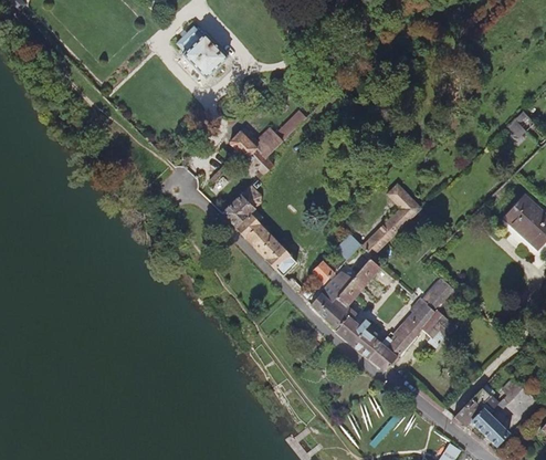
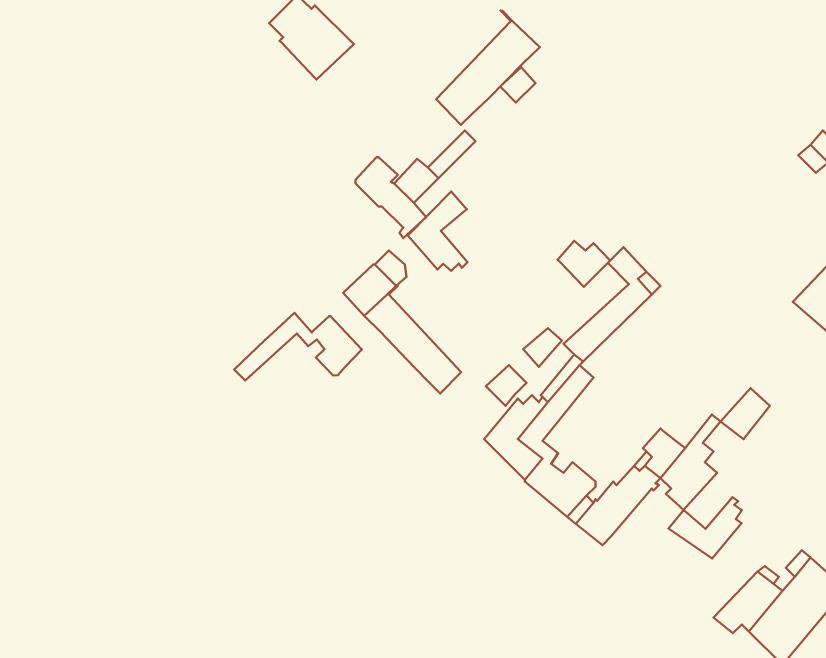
building: none -> [436,11,540,125]
building: none -> [408,191,468,271]
building: none -> [558,241,610,287]
building: none -> [234,313,362,381]
building: [422,278,453,310] -> [721,388,770,439]
building: none -> [668,497,742,558]

